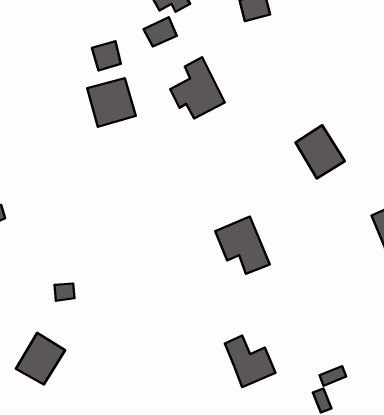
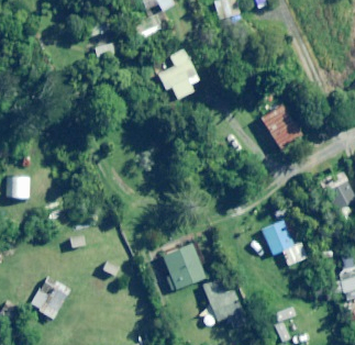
building: [87,78,136,127] -> none
building: [215,216,270,274] -> [263,219,308,266]
building: none -> [162,245,203,290]

